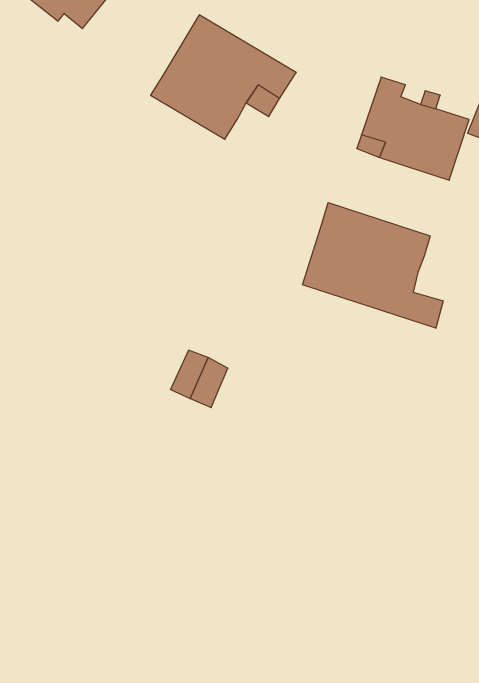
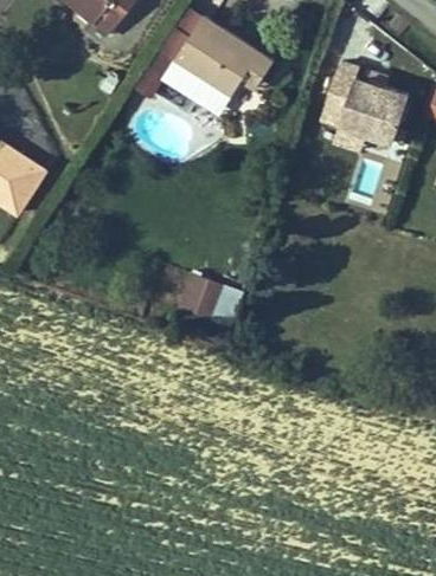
building: [302,203,443,328] -> none

